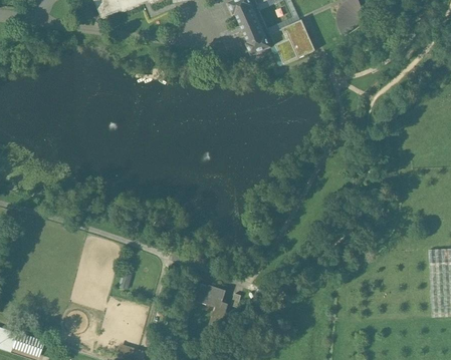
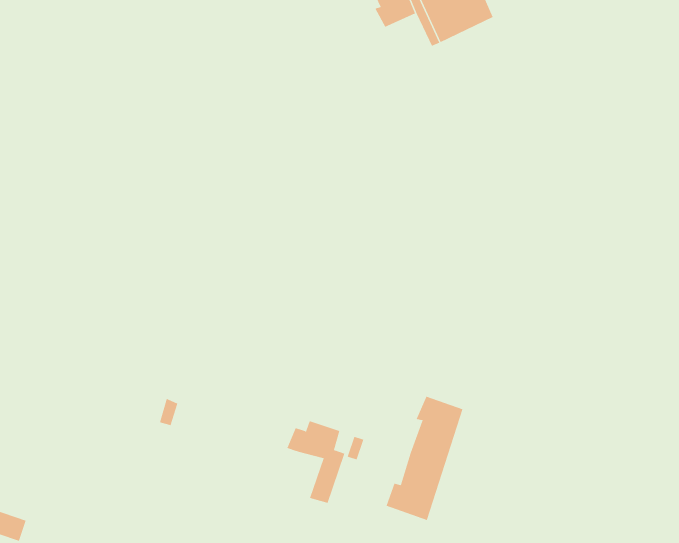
building: none -> [386,396,463,521]

